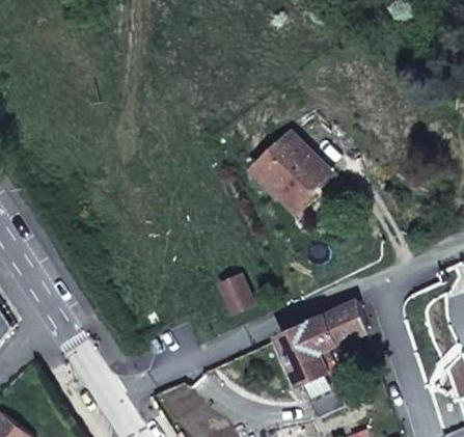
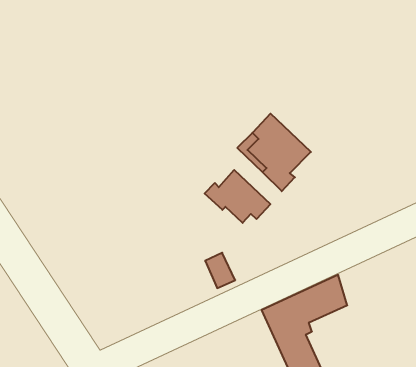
building: none -> [205,170,270,223]

